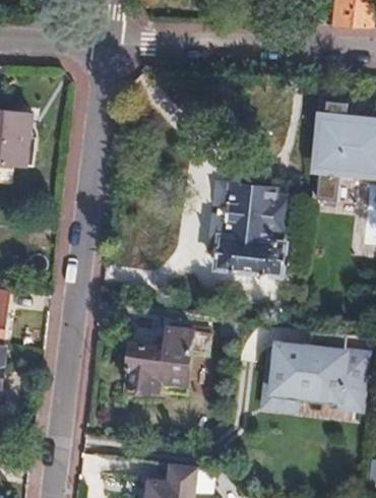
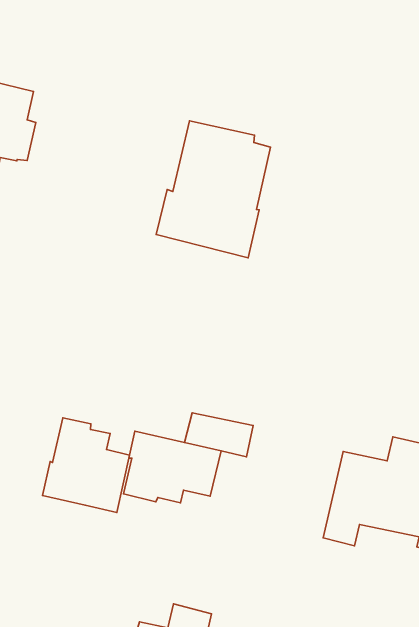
building: [215,186,289,277] -> [156,121,271,258]
building: none -> [42,418,129,512]

